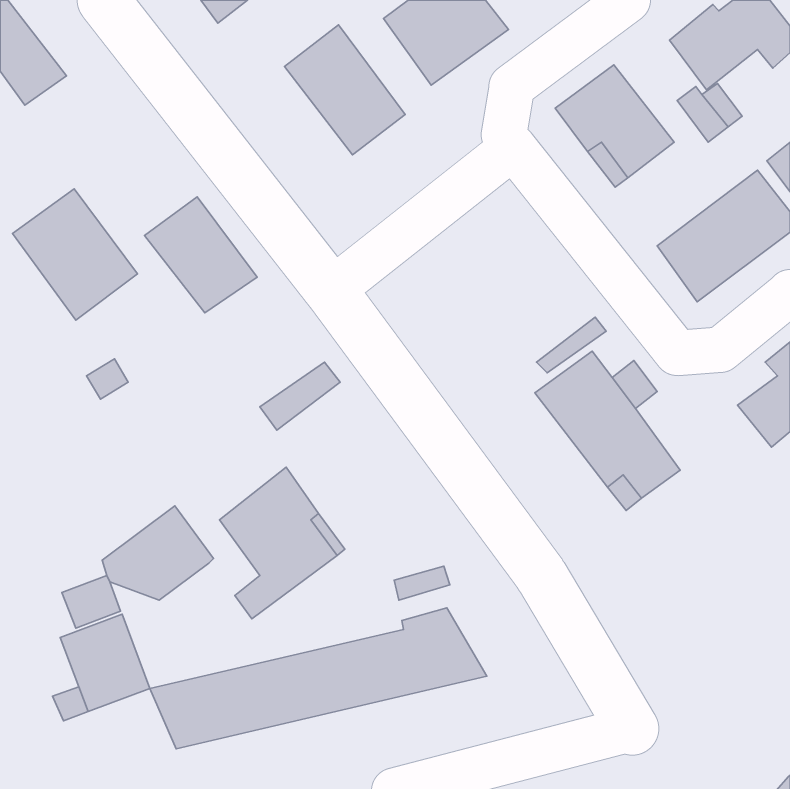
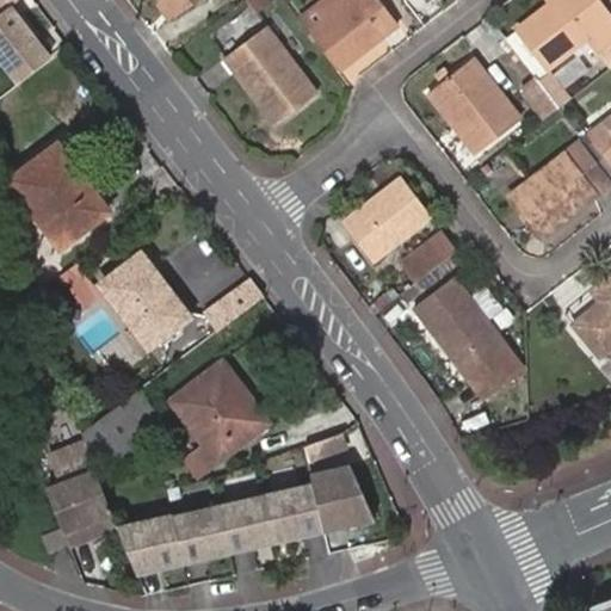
building: [144,197,257,313] -> [100,258,187,347]
building: none -> [339,174,430,258]
building: none -> [399,227,458,280]

